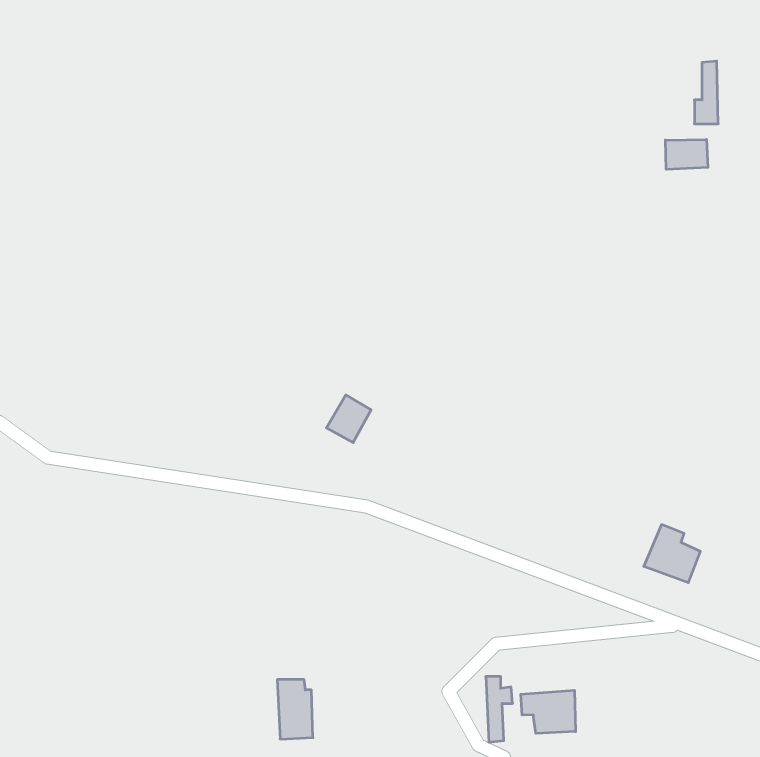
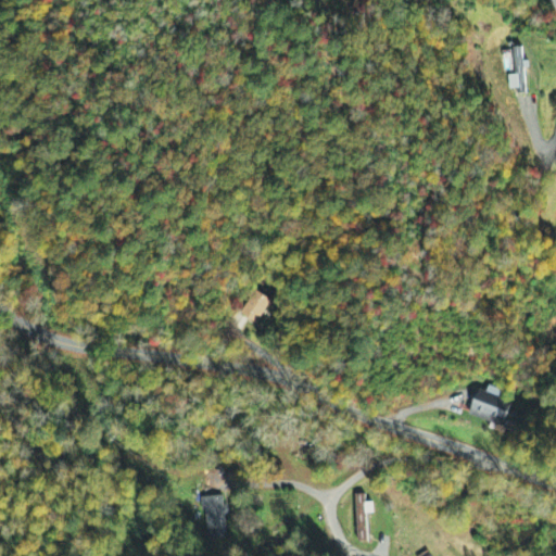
building: [665,139,708,169] -> none
building: [521,690,576,733] -> none

